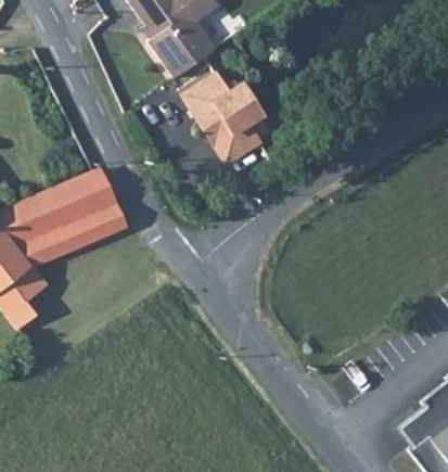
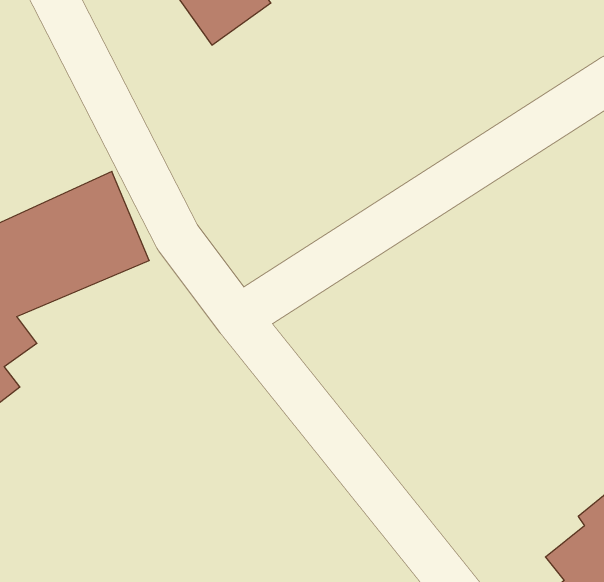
building: [180,73,260,164] -> none

